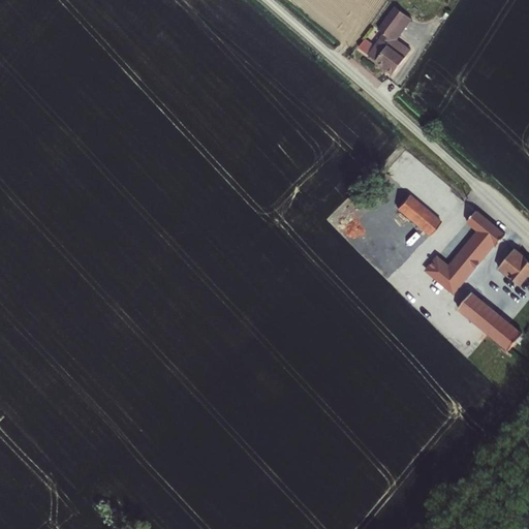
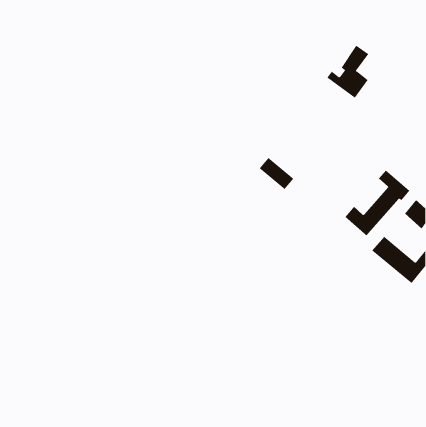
building: [356,6,409,72] -> [327,45,369,99]
building: [396,194,439,235] -> [259,157,294,190]

